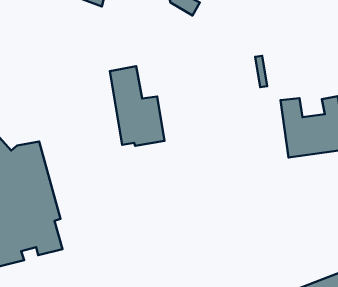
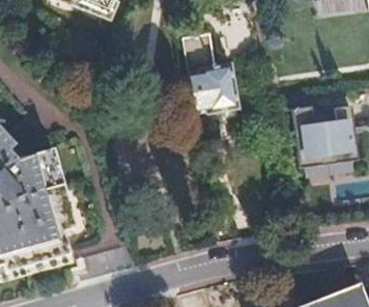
building: [110,66,164,146] -> [180,31,236,113]

